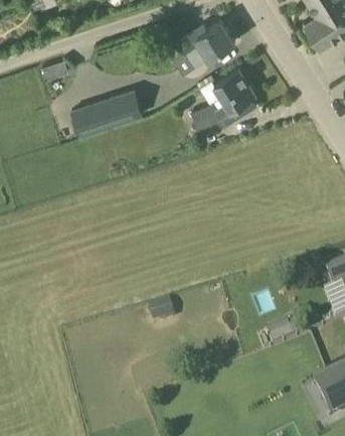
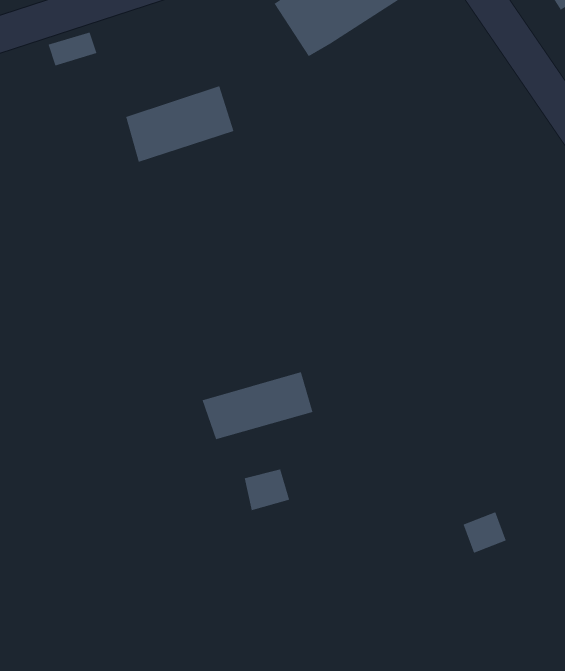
building: [192,67,256,133] -> none
building: none -> [202,371,314,440]

